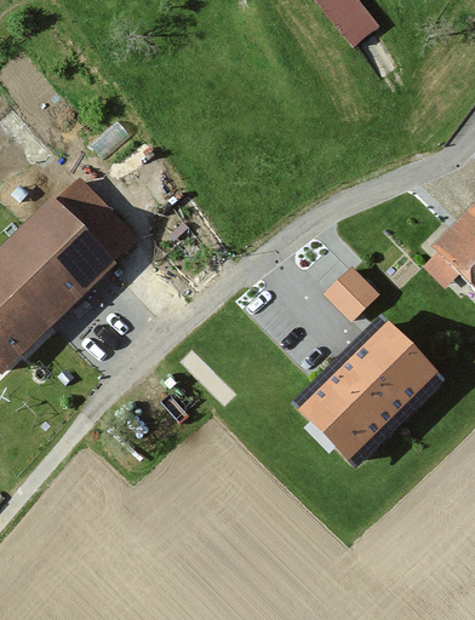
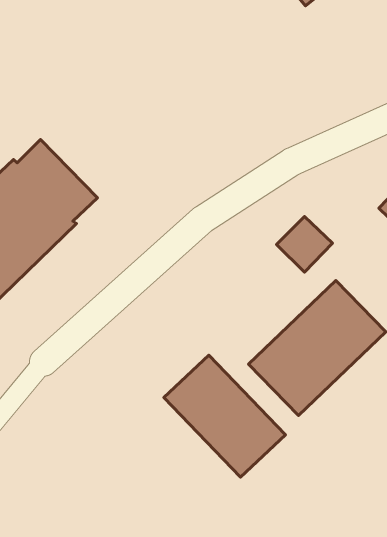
building: none -> [164,355,285,477]

